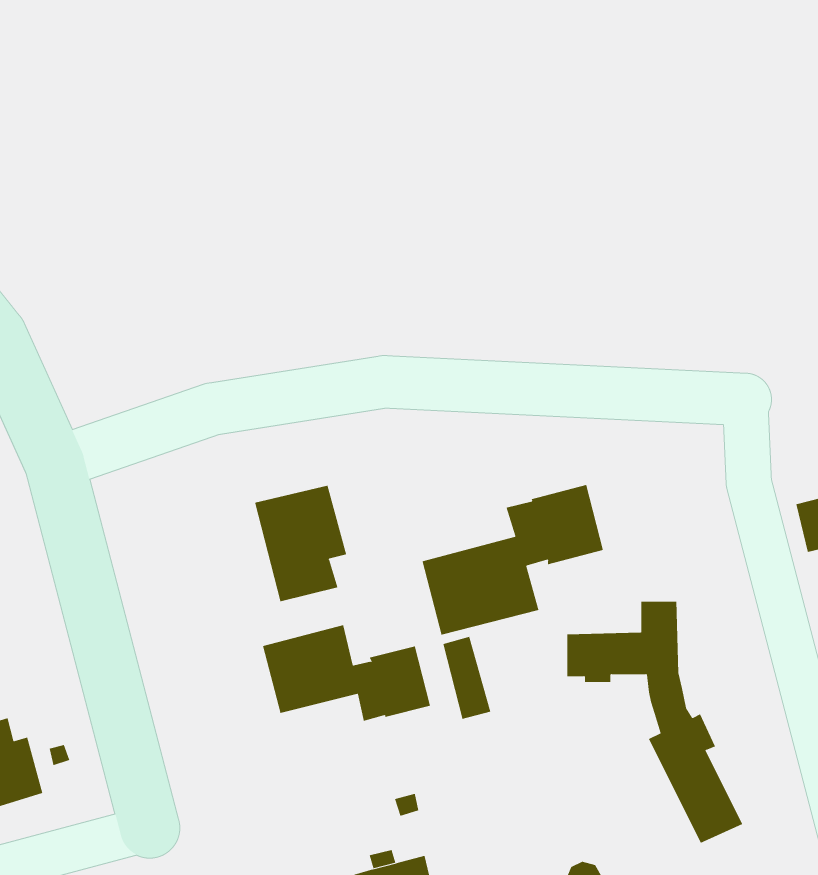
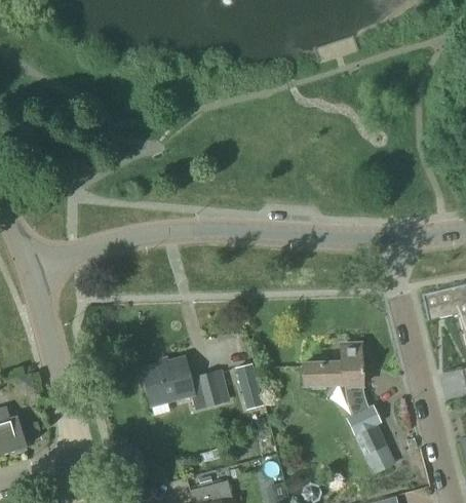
building: [422,484,603,635] -> none
building: [255,485,347,602] -> none

